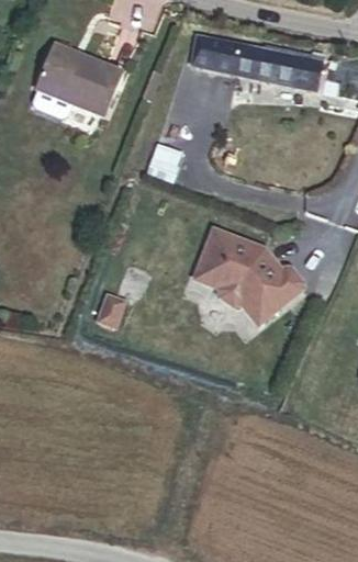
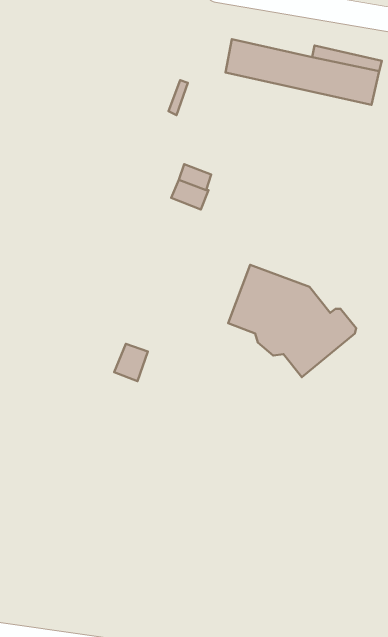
building: [35,44,123,122] -> none

